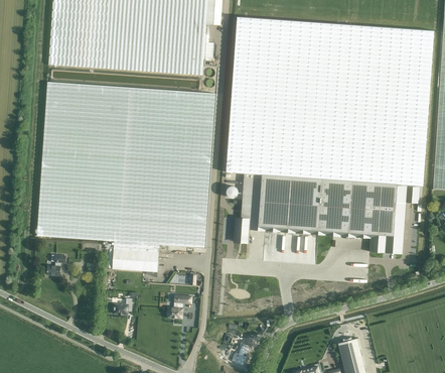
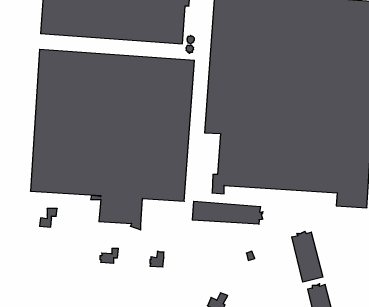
building: none -> [192,201,263,224]
building: none -> [292,231,323,282]

